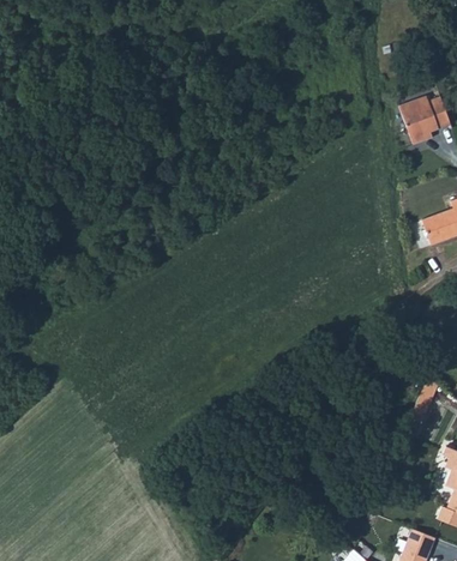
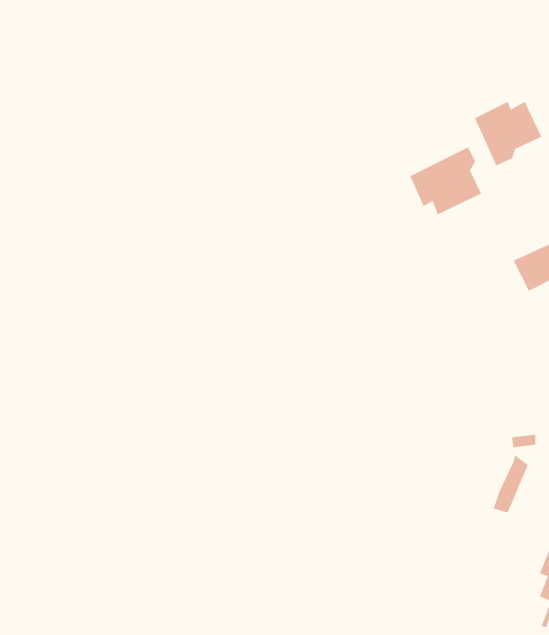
building: none -> [410,147,482,215]

